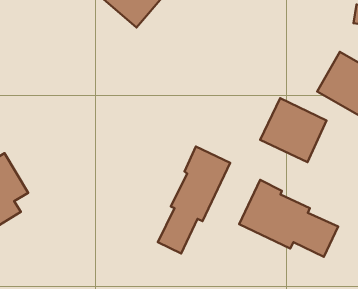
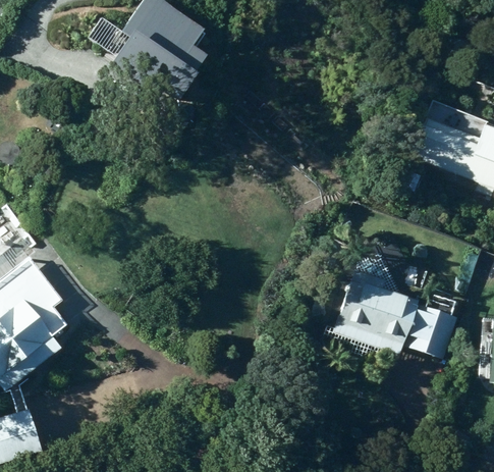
building: [260,98,326,162] -> none
building: [158,146,230,253] -> none

